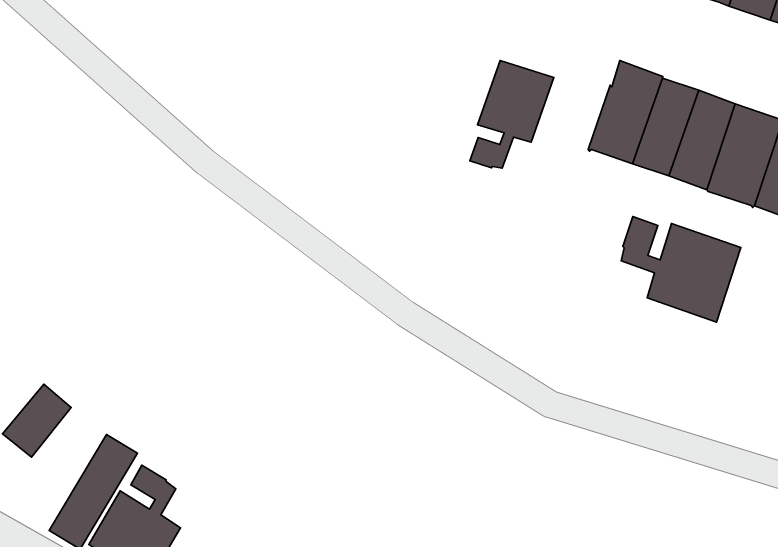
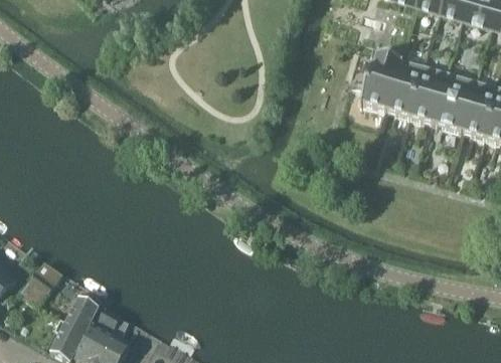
building: [470,60,554,168] -> none
building: [621,216,741,322] -> none

